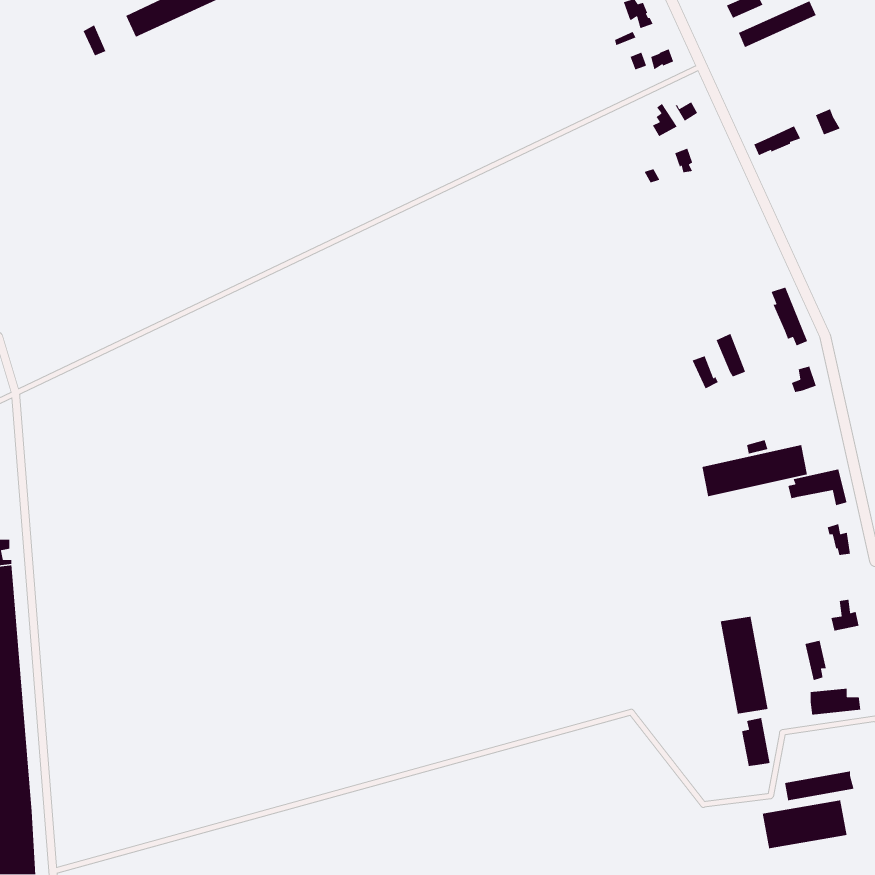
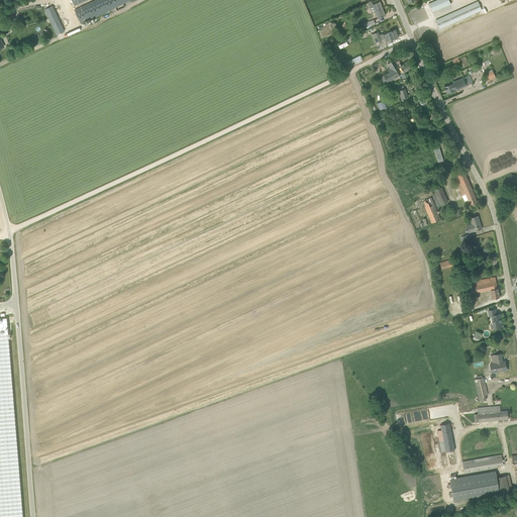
building: [702,444,808,497] -> none
building: [720,616,769,715] -> none

